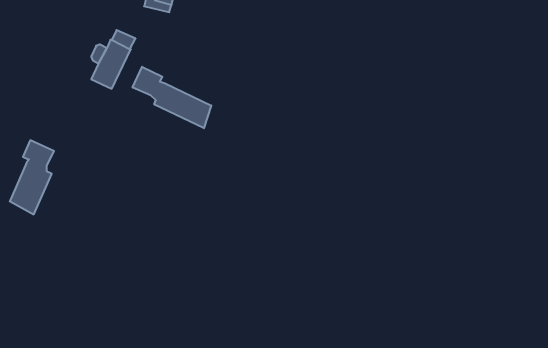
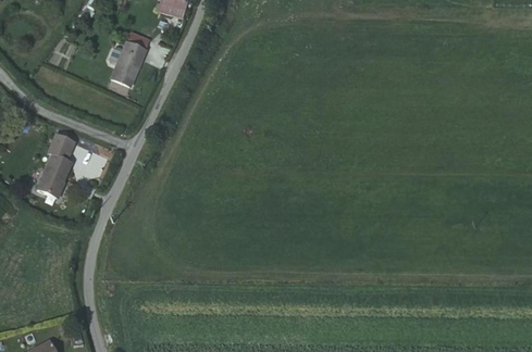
building: [133,67,211,128] -> none

